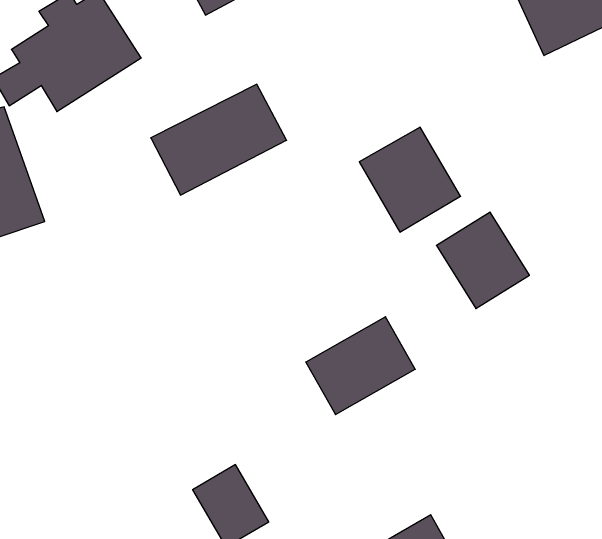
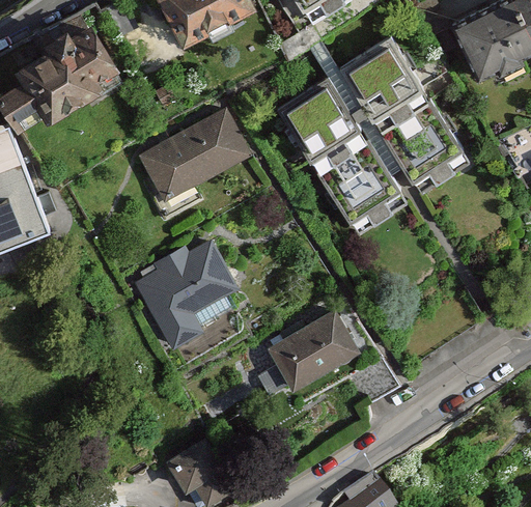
building: none -> [345,39,425,120]
building: none -> [279,76,360,157]
building: [436,212,529,309] -> [385,102,466,186]
building: none -> [132,238,240,350]

